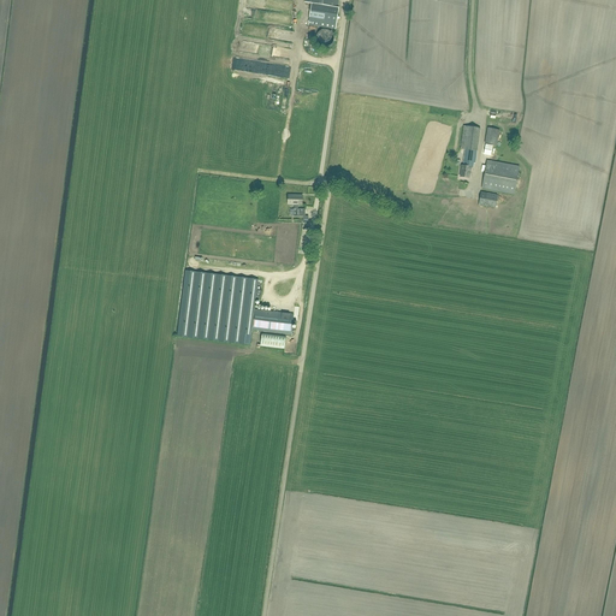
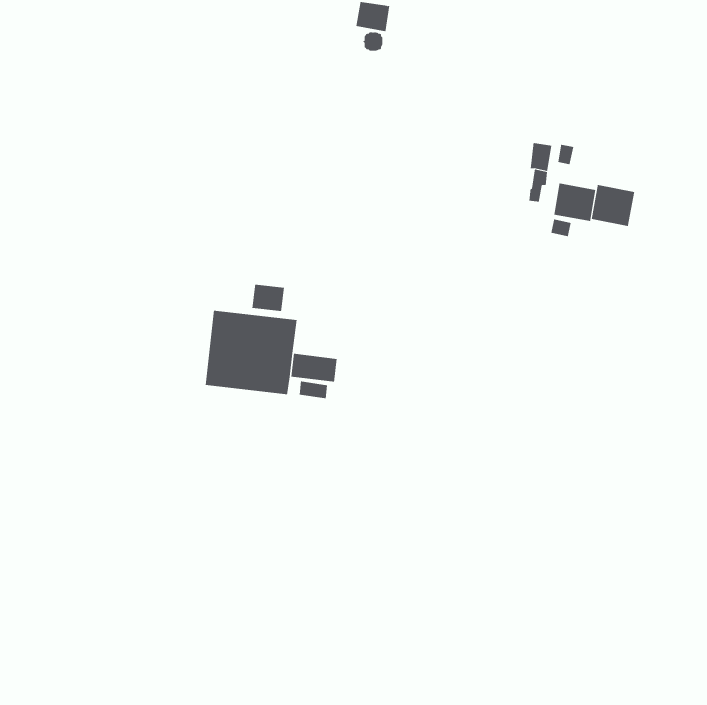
building: none -> [591,184,635,227]
building: none -> [252,284,285,312]

